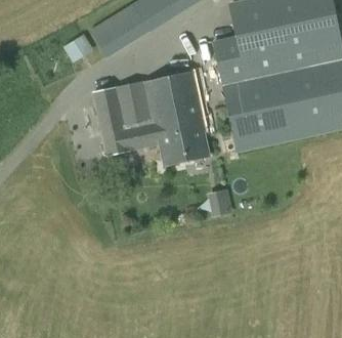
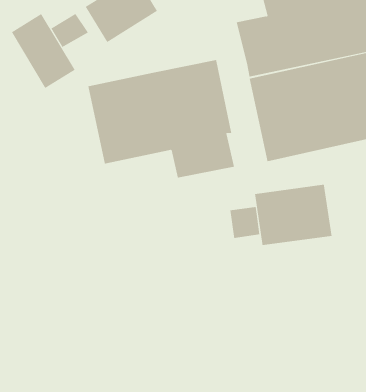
building: none -> [11,13,75,89]
building: none -> [255,184,332,246]

